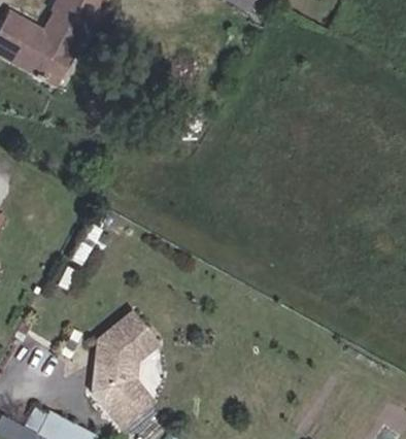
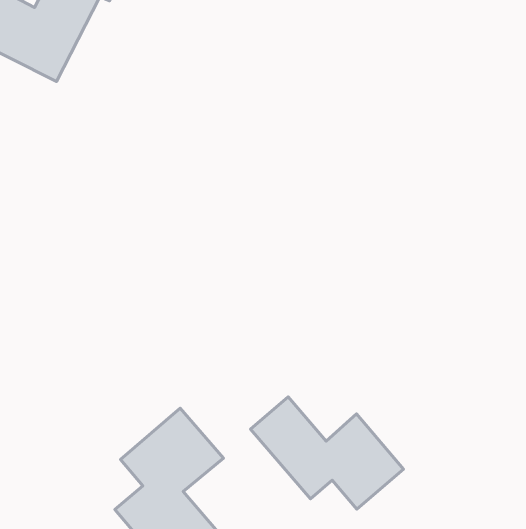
building: none -> [250,397,404,509]

